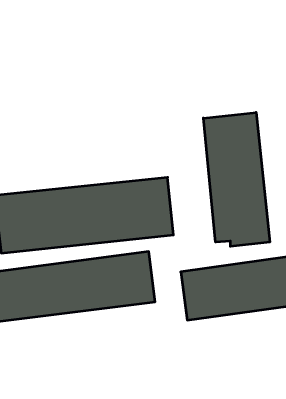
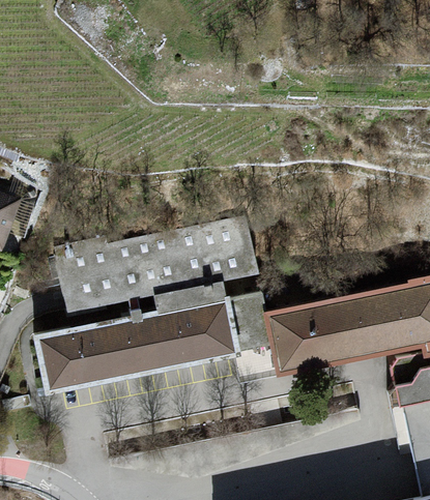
building: [203,112,270,246] -> none

